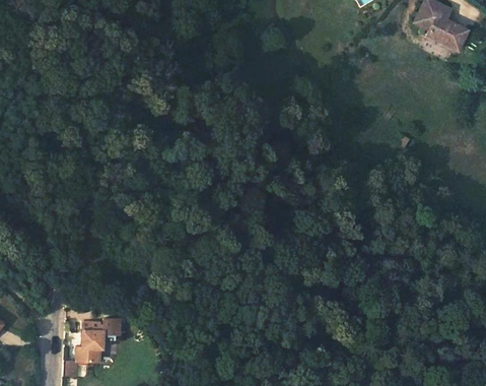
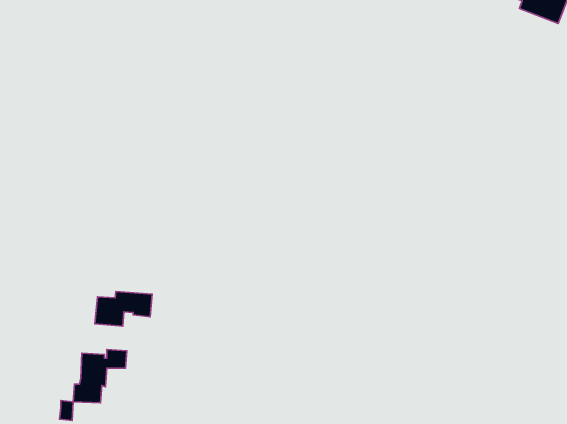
building: none -> [95,292,152,326]

